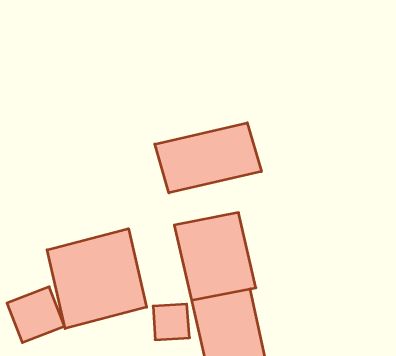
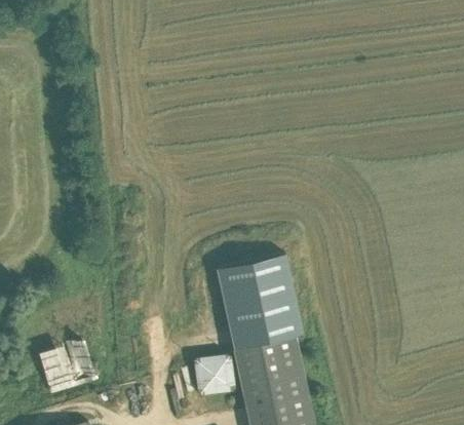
building: [155,123,261,193] -> none
building: [47,229,147,329] -> none

